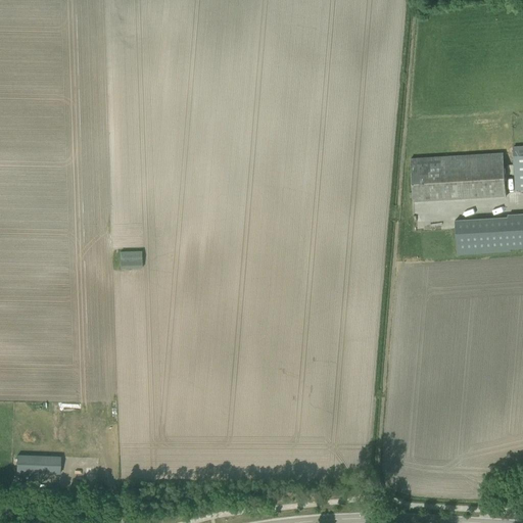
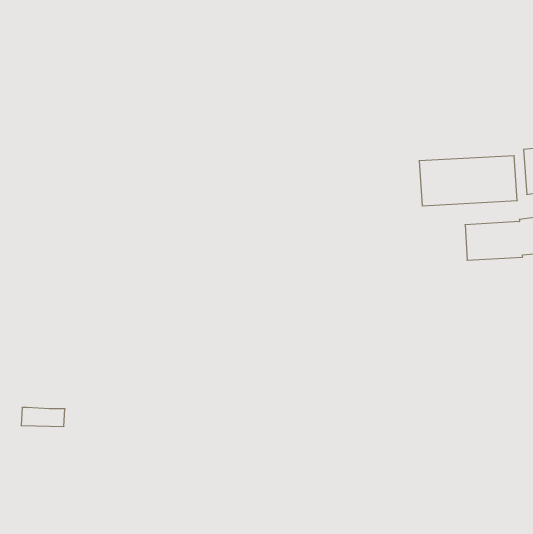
building: [121,250,143,268] -> none
building: [17,457,60,475] -> [21,408,65,426]

